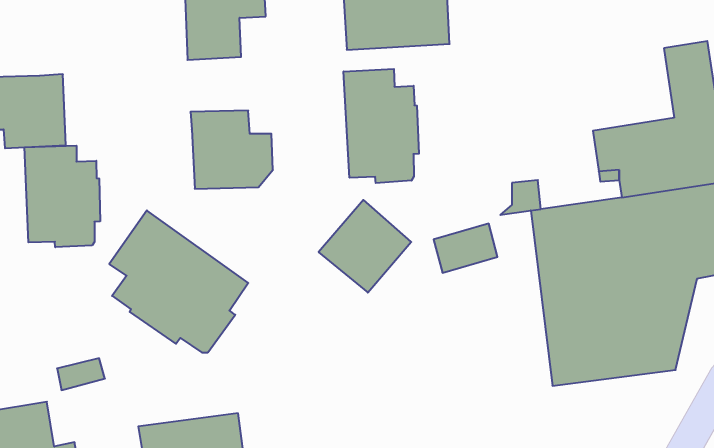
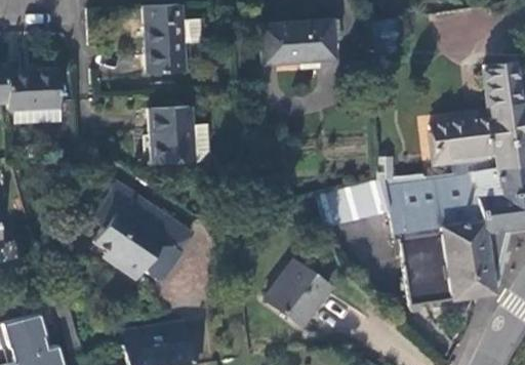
building: [344,69,419,183] -> none
building: [25,146,100,247] -> none
building: [319,200,411,293] -> [270,257,335,323]

